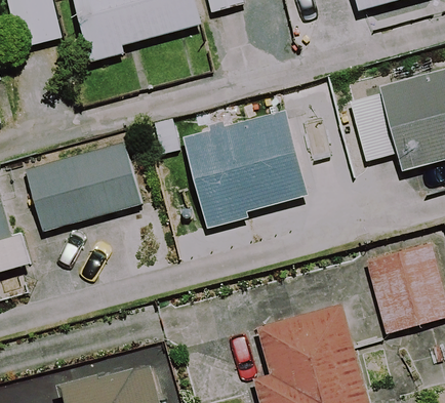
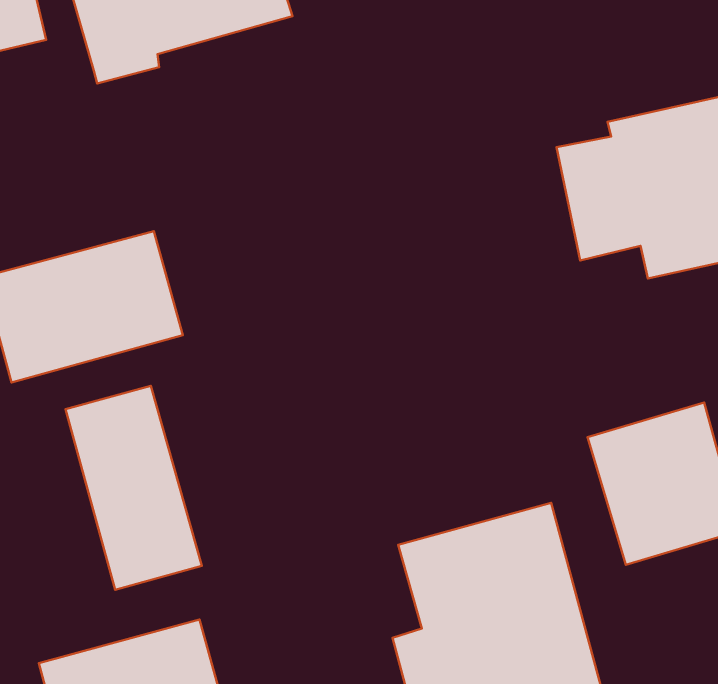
building: [178,110,300,226] -> none
building: none -> [65,386,202,590]

